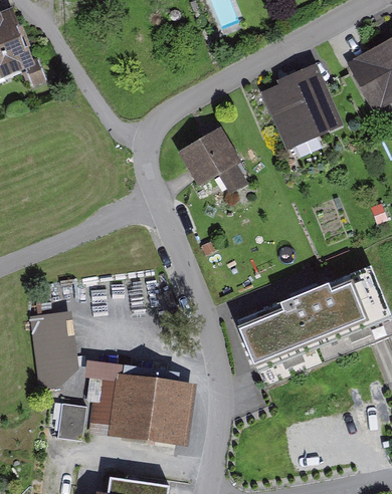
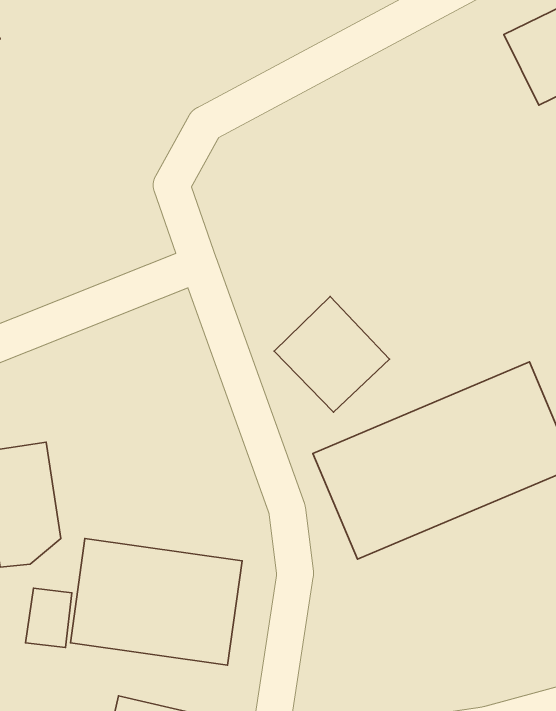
building: [264,65,344,147] -> none
building: [179,126,251,198] -> [274,297,390,412]

